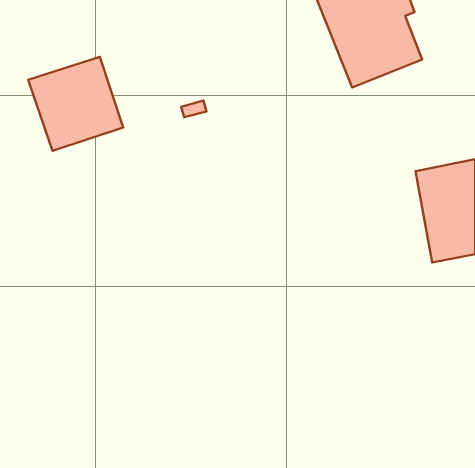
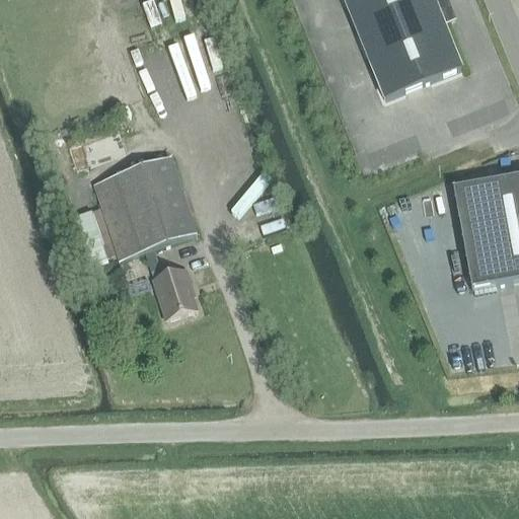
building: [28,57,123,151] -> [93,155,197,257]
building: none -> [151,264,197,317]

